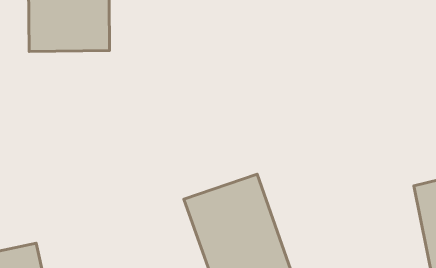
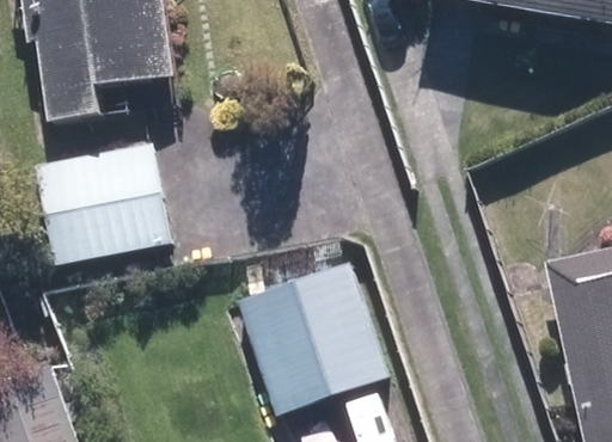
building: none -> [65,153,173,243]

